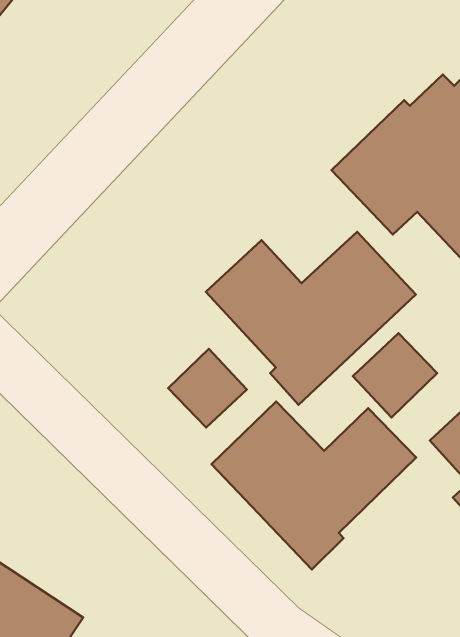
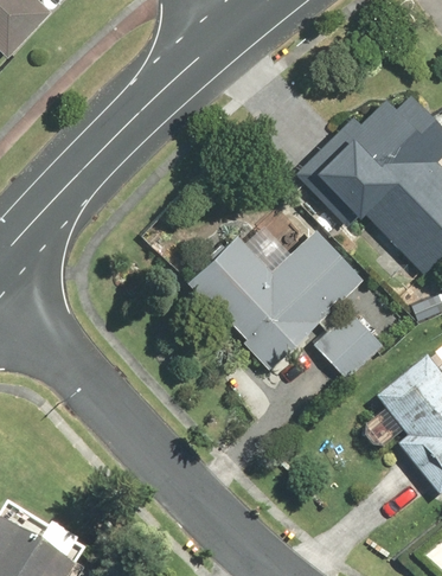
building: [168,349,247,428] -> none
building: [211,402,416,569] -> none

